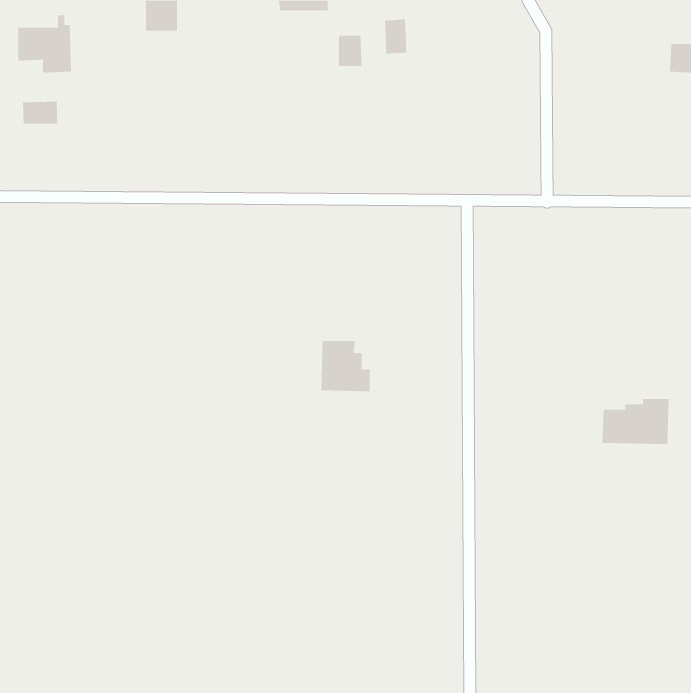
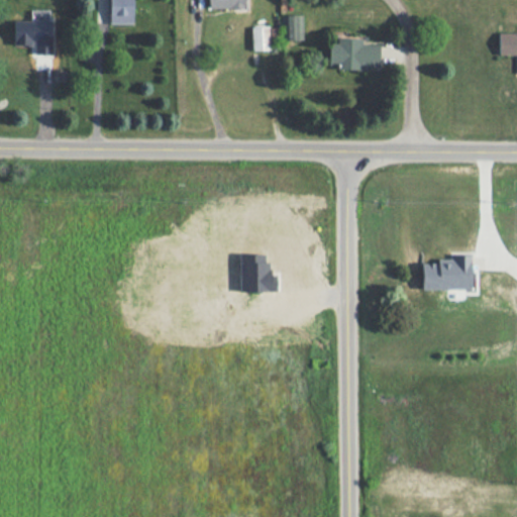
building: none -> [330,37,382,70]
building: [22,101,58,124] -> none
building: [602,398,669,444] -> [422,254,473,289]

